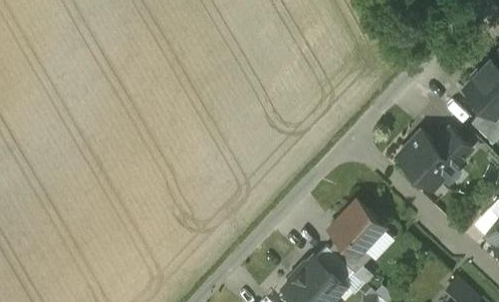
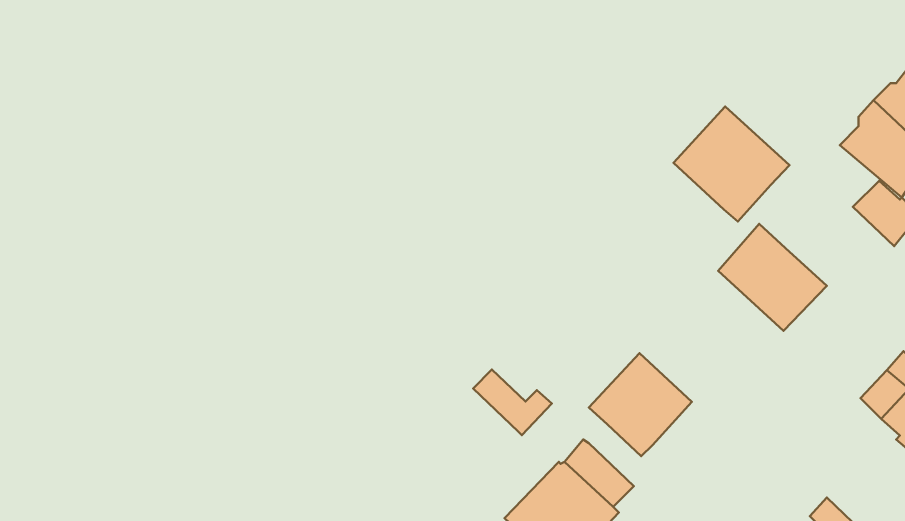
building: none -> [674,106,789,222]
building: [434,130,471,167] -> none
building: [328,241,370,276] -> [473,370,552,435]

